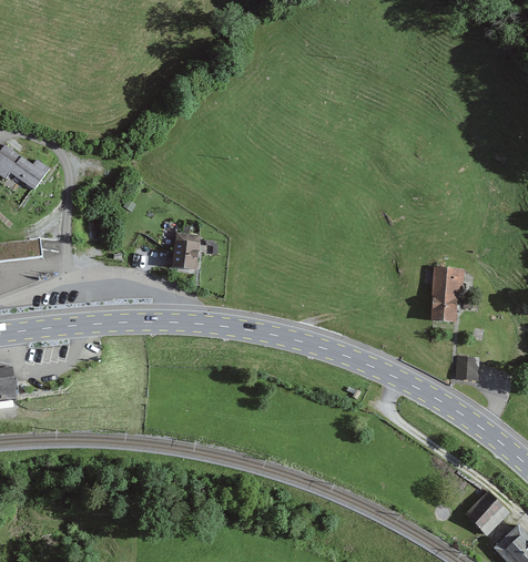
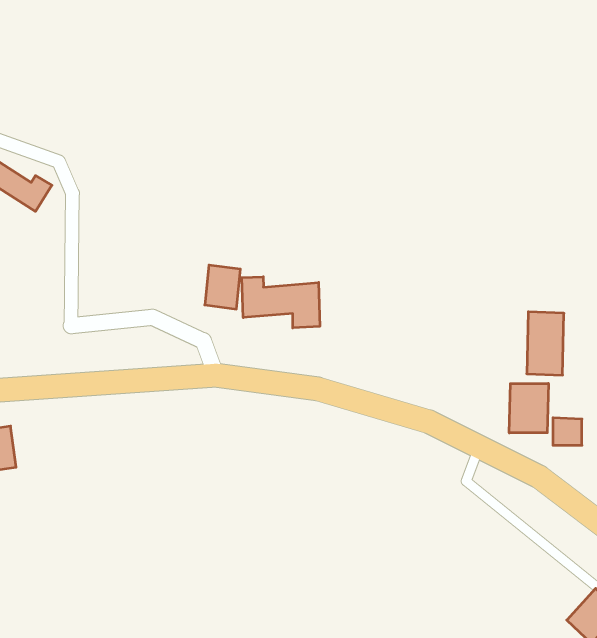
building: none -> [242,277,320,328]
building: none -> [509,383,548,433]

